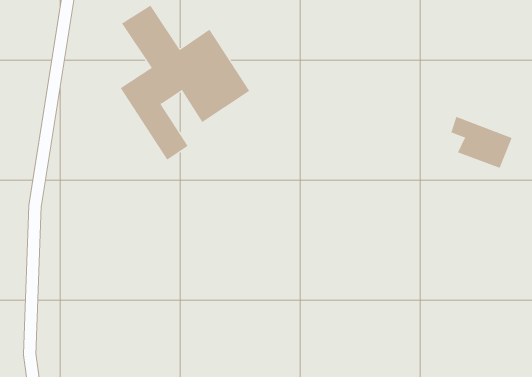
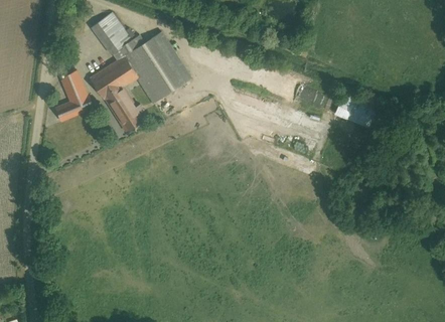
building: none -> [49,70,90,122]

